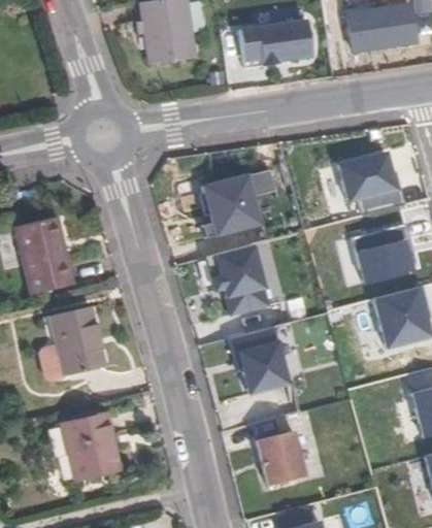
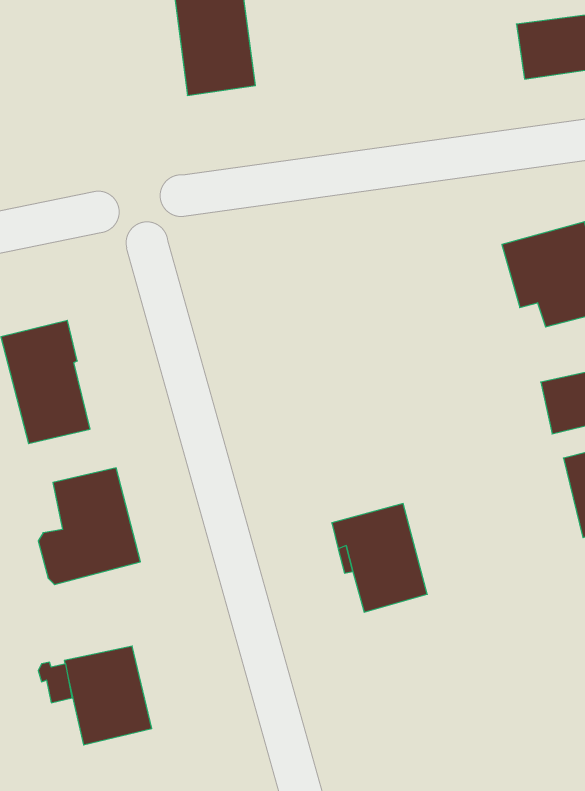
building: [239,21,311,68] -> none
building: [203,166,276,234] -> none
building: [206,243,270,316] -> none
building: [258,432,307,487] -> none

